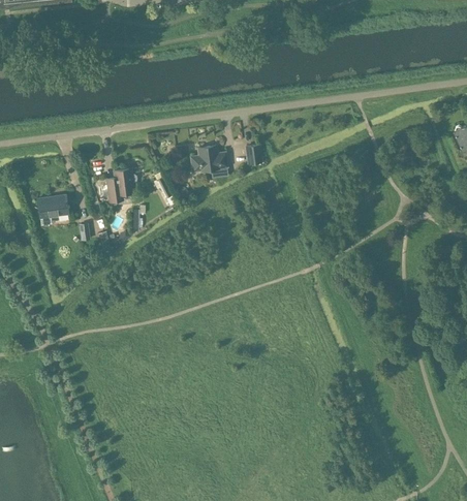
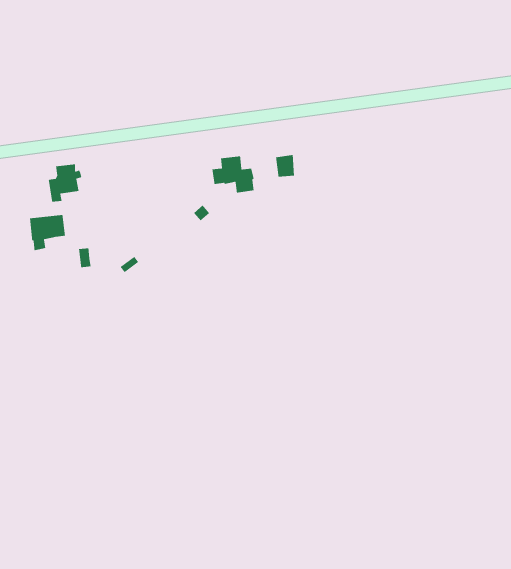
building: [105,166,134,199] -> [48,163,82,203]

